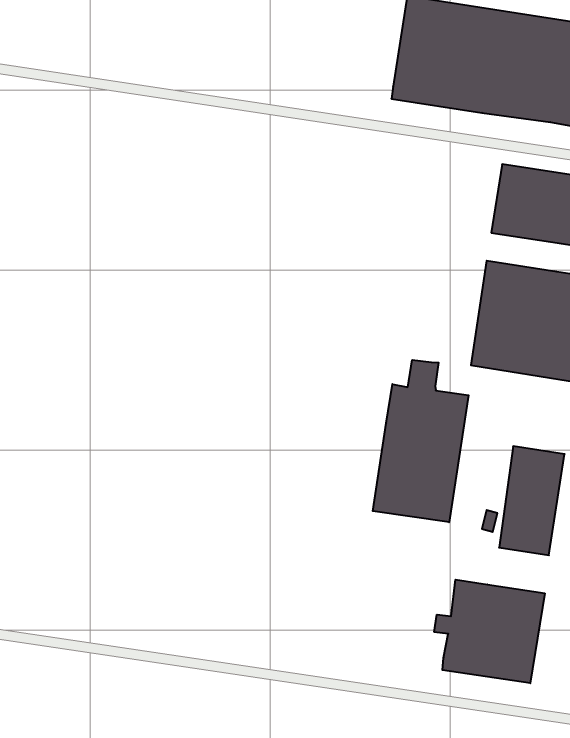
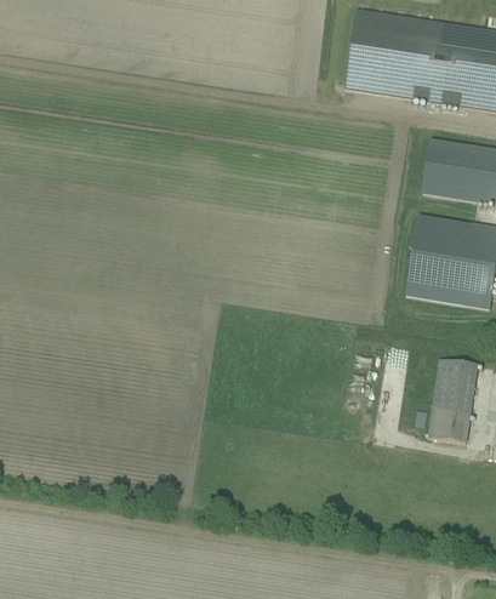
building: [373,360,469,522] -> none
building: [434,580,545,683] -> none

